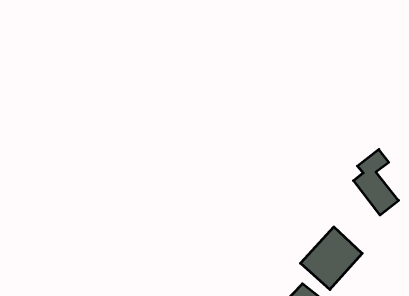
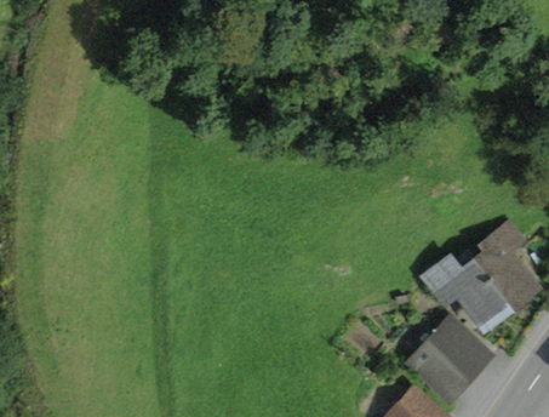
building: none -> [423,252,509,324]

